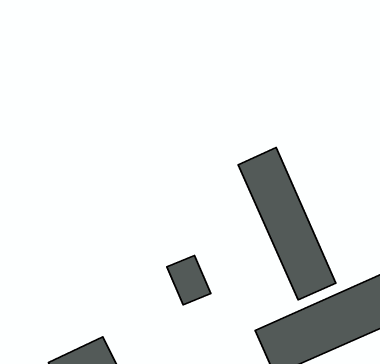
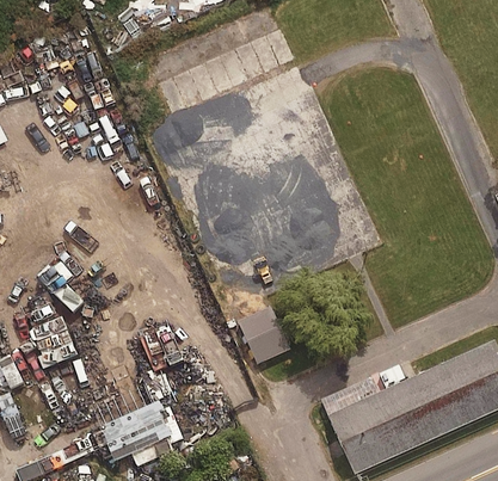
building: [238,148,336,300] -> none

